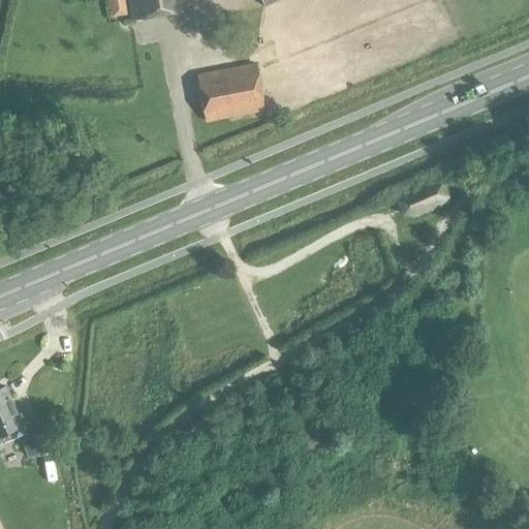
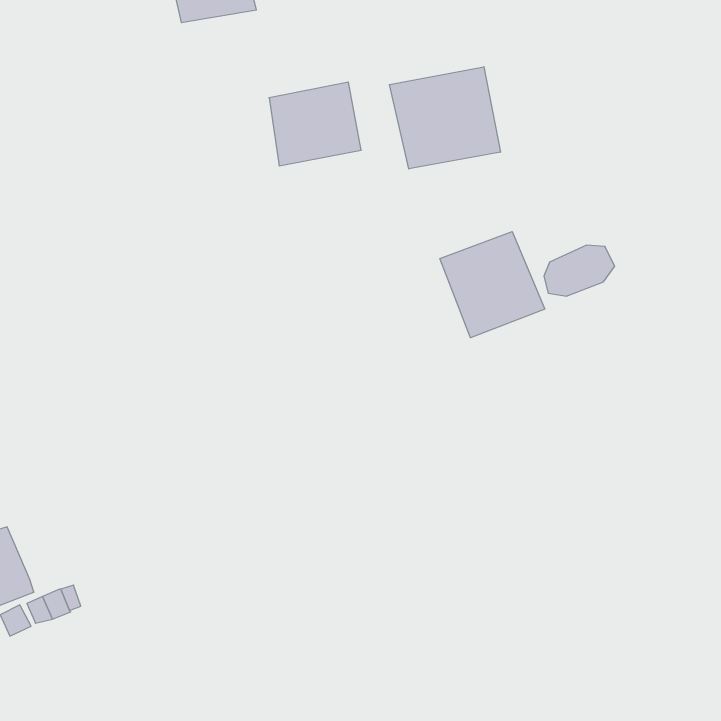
building: none -> [389,67,500,169]
building: none -> [440,232,545,338]

